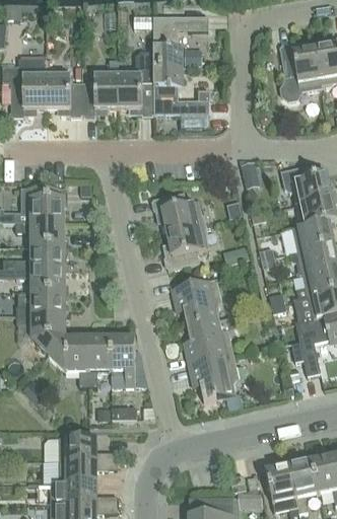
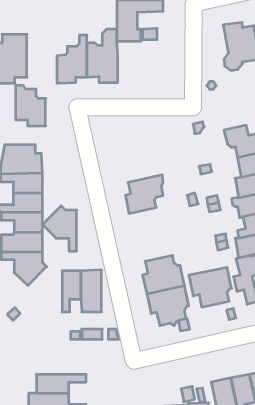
building: [153,66,209,115] -> none
building: [47,68,82,116] -> [16,86,46,126]
building: [152,192,207,233] -> none
building: [172,280,222,326] -> [189,268,232,307]
building: [48,332,88,386] -> [42,206,77,251]
building: [58,438,117,460] -> none

